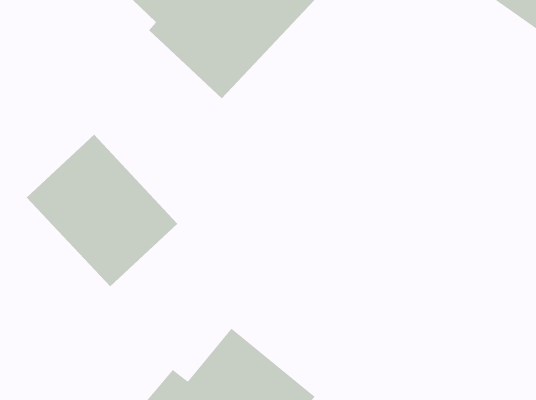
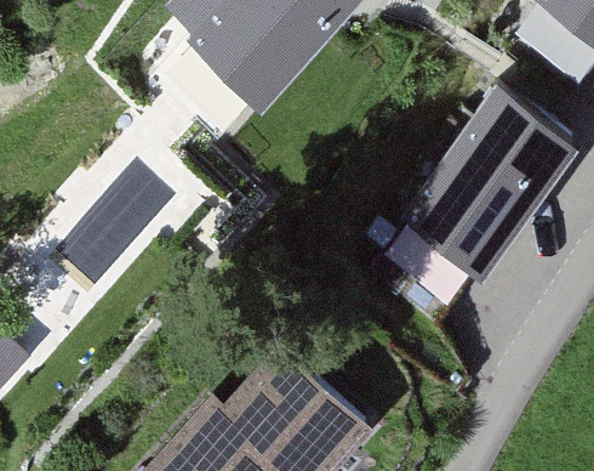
building: none -> [399,81,582,278]

